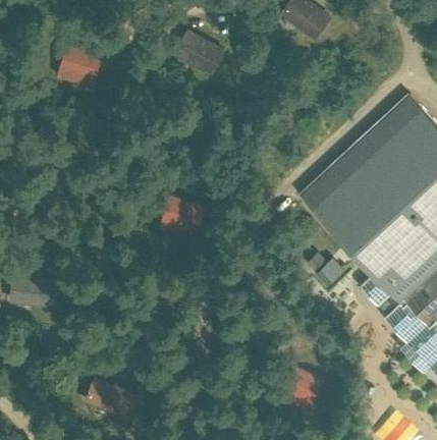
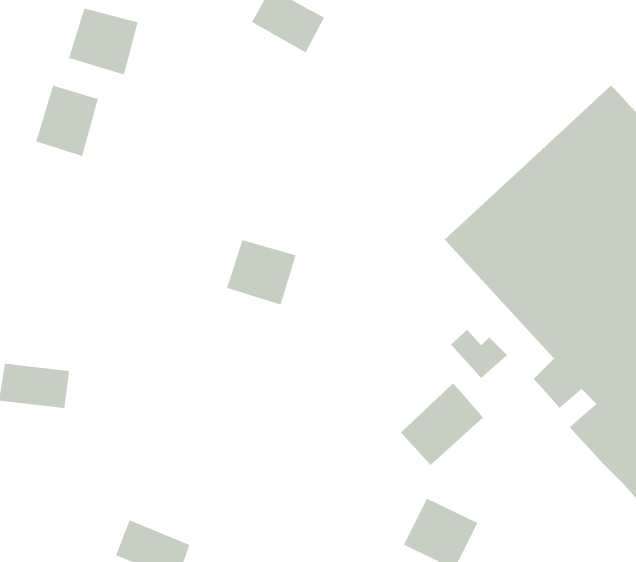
building: none -> [36,85,98,157]
building: none -> [400,383,484,466]

